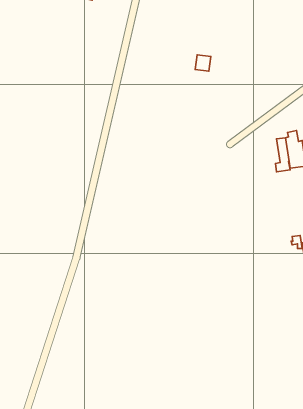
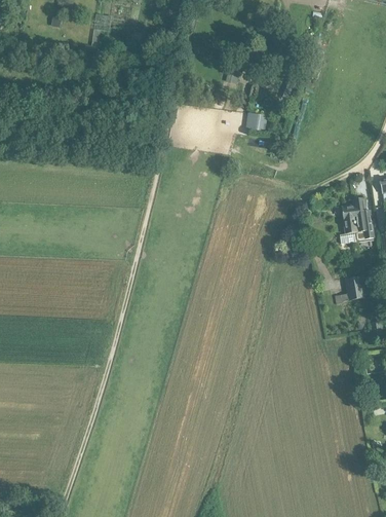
building: none -> [341,276,364,300]

